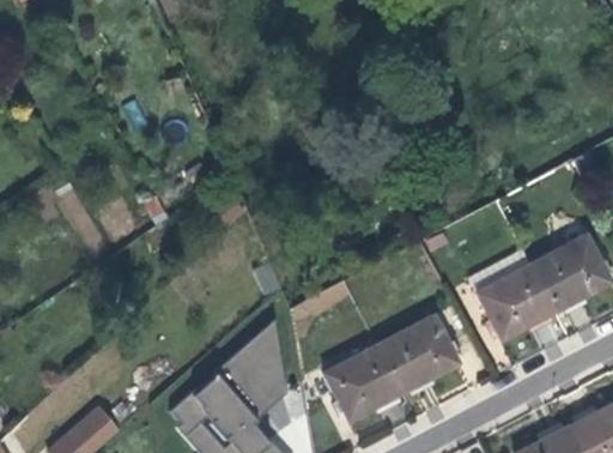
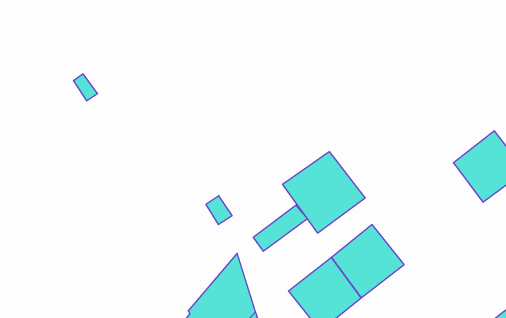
building: none -> [283,152,365,233]
building: [473,262,551,339] -> none

